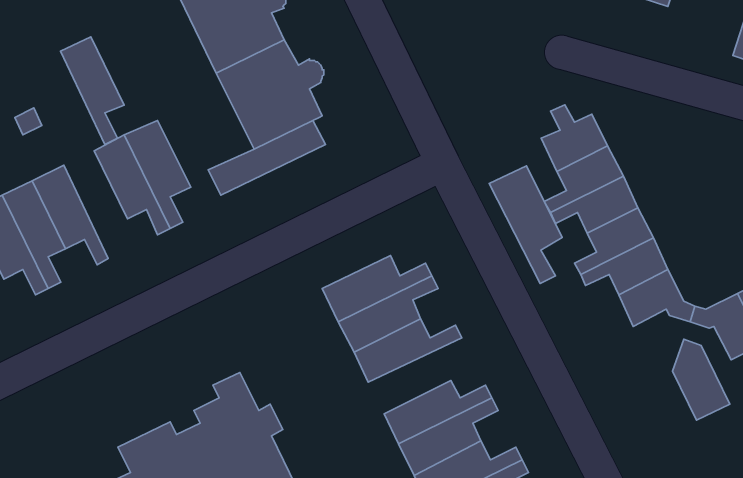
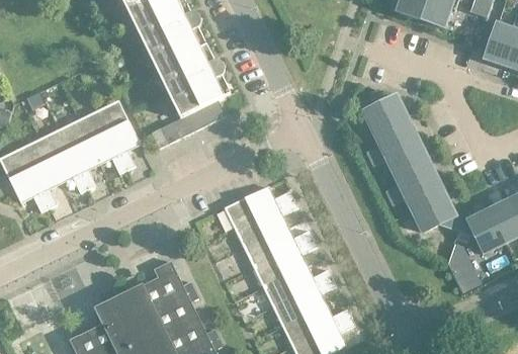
building: [61,37,124,145] -> [59,118,99,187]
building: [489,166,562,284] -> none
building: none -> [253,238,317,286]

